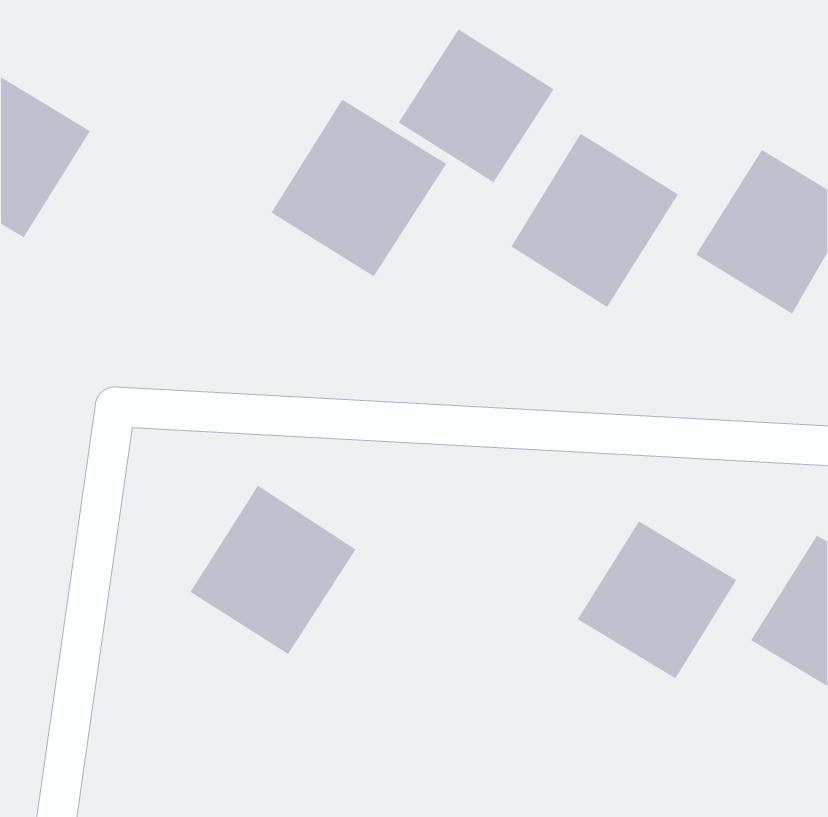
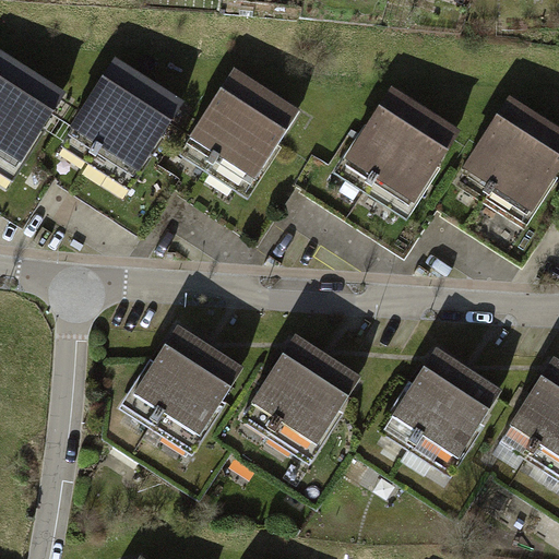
building: [398,28,554,183] -> none
building: none -> [74,59,180,167]
building: none -> [248,337,358,448]

